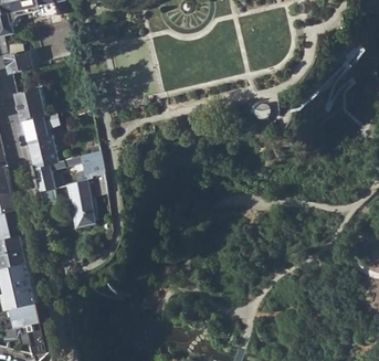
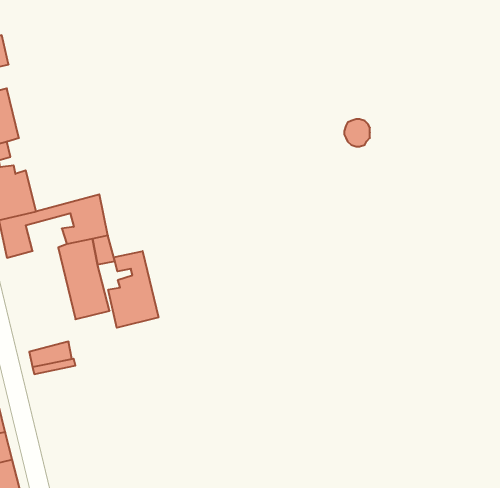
building: none -> [108,251,158,328]

